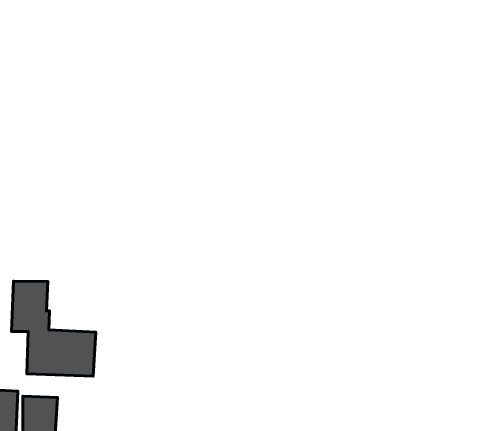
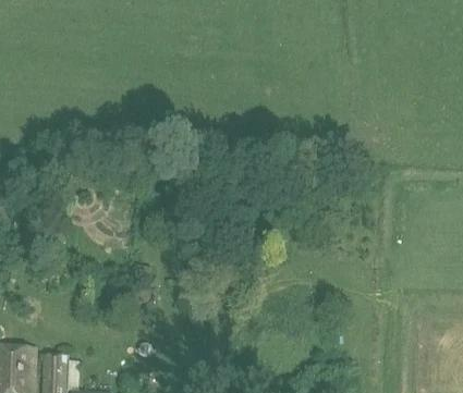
building: [11,281,96,376] -> none

